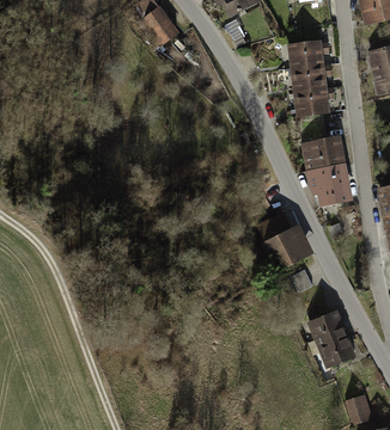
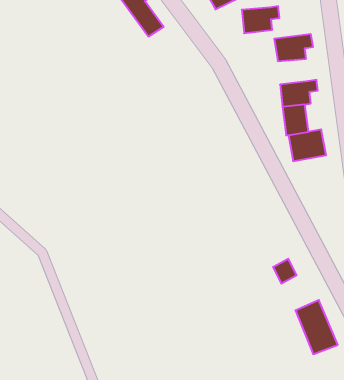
building: [293,64,331,92] -> [242,6,279,33]
building: [305,164,348,205] -> none
building: [258,214,305,270] -> none

